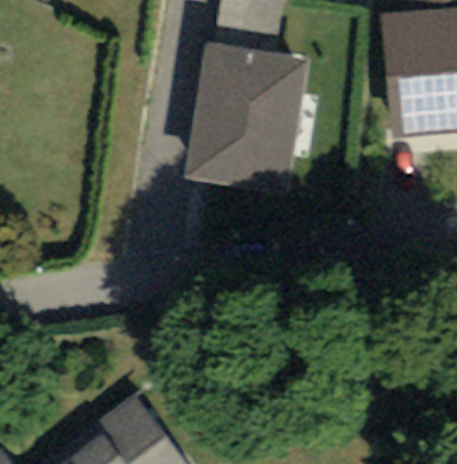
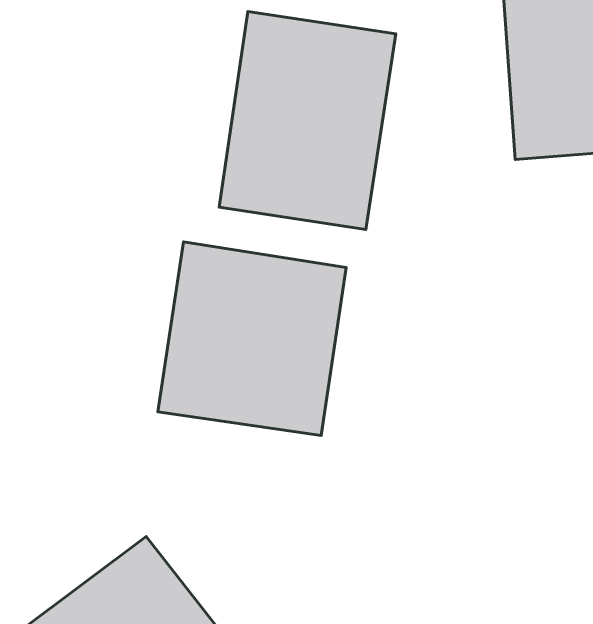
building: none -> [158,242,346,435]

